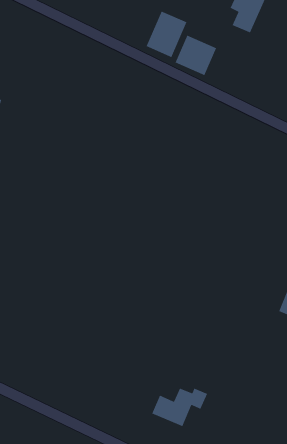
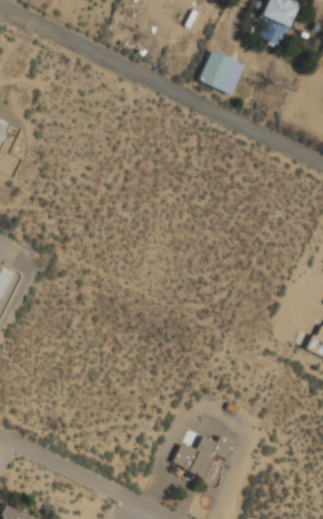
building: [145,10,187,58] -> none

